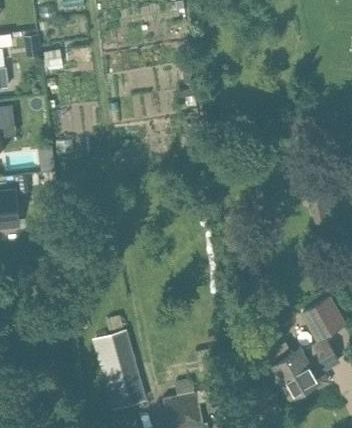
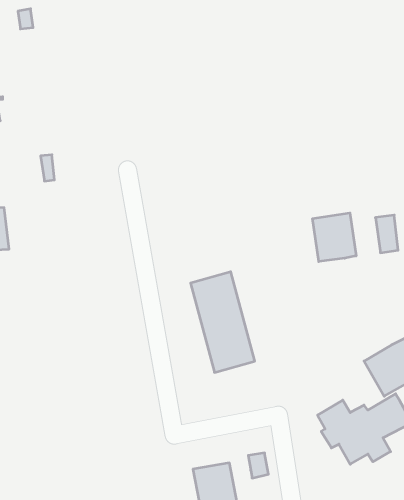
building: none -> [313,213,356,262]
building: [94,331,145,411] -> [191,272,255,372]

